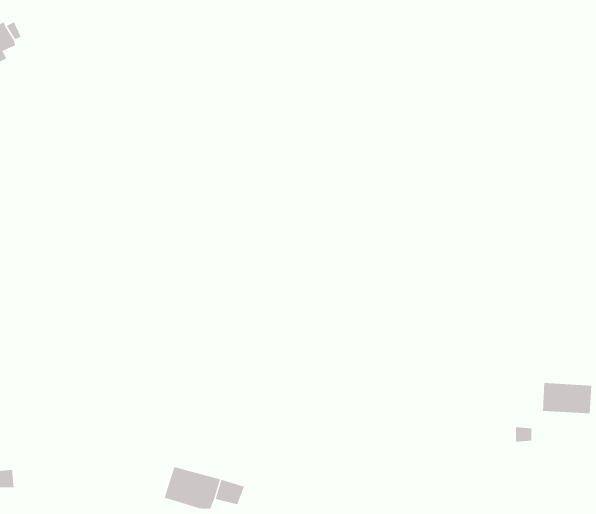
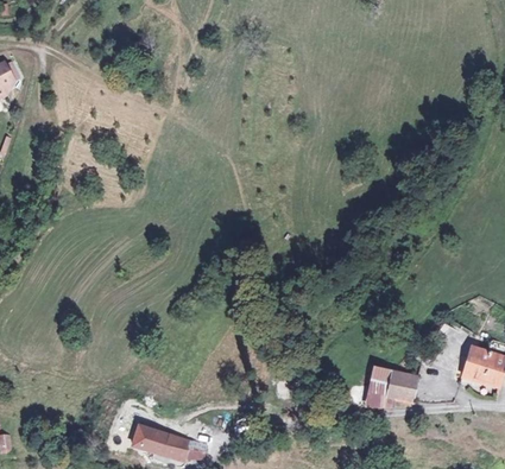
building: none -> [372,372,403,399]

